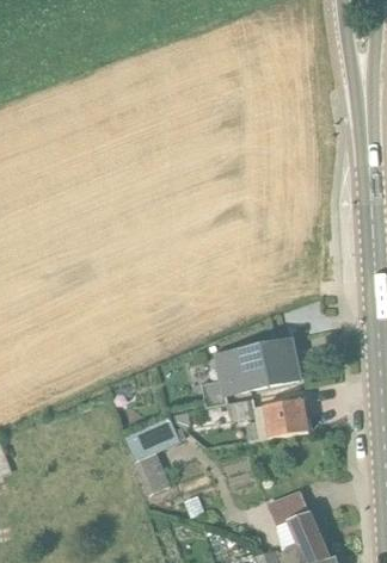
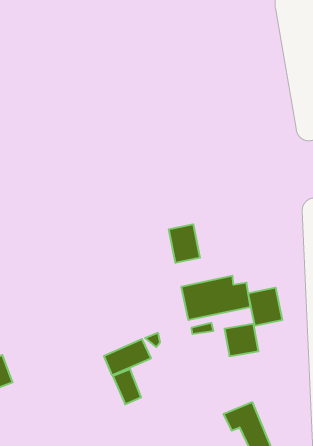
building: none -> [169,224,200,263]
building: none -> [248,288,282,326]

